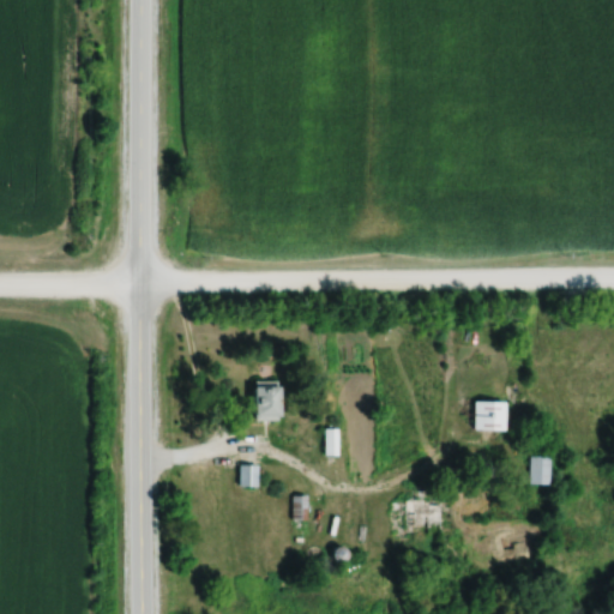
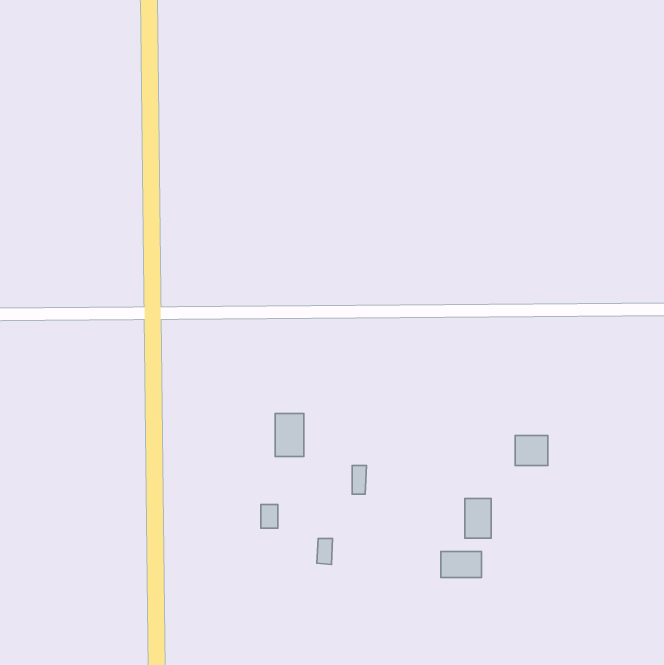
building: [531,457,552,484] -> none
building: none -> [465,498,491,538]

